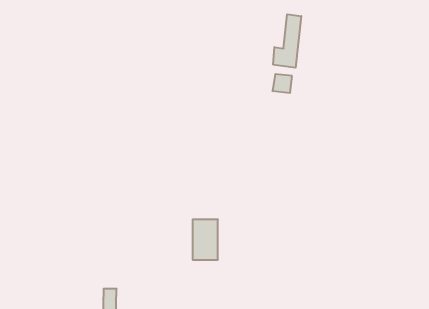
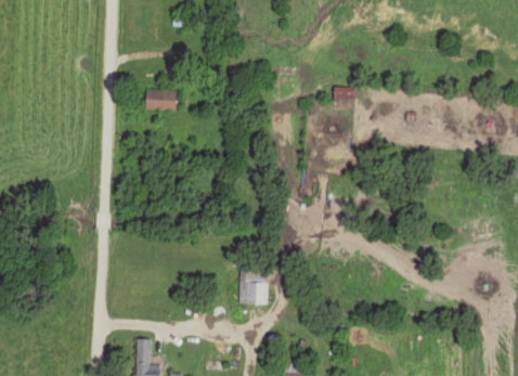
building: [273,14,301,68] -> none
building: none -> [146,90,177,108]

